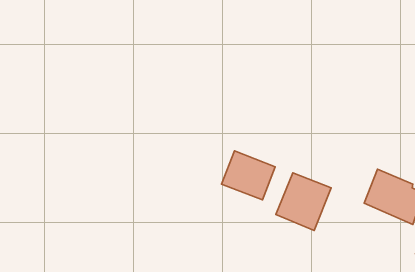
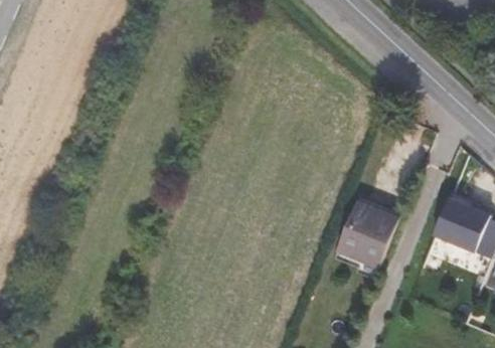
building: [221,151,275,200] -> none

